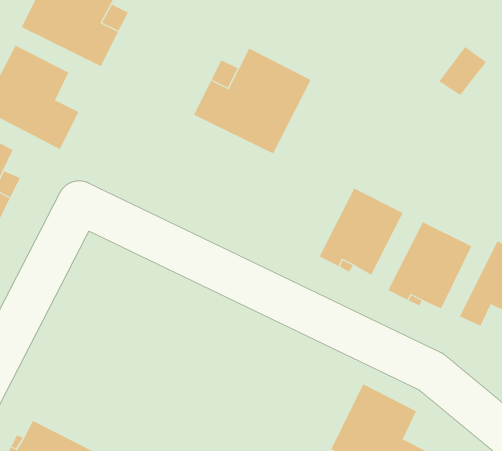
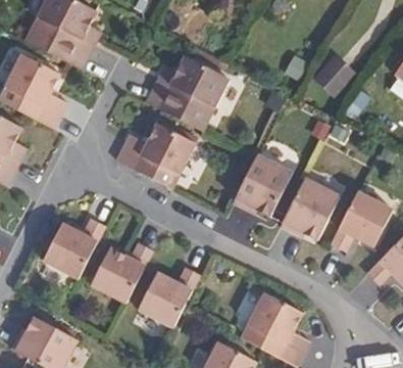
building: none -> [117,125,196,190]
building: none -> [43,220,105,279]
building: none -> [91,243,153,304]
building: none -> [137,268,197,327]

